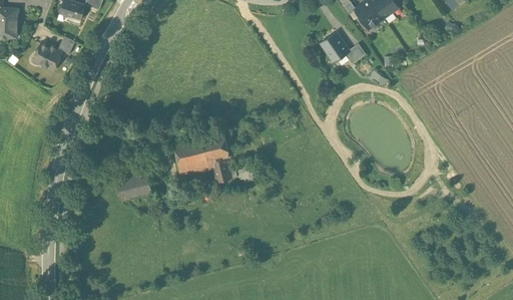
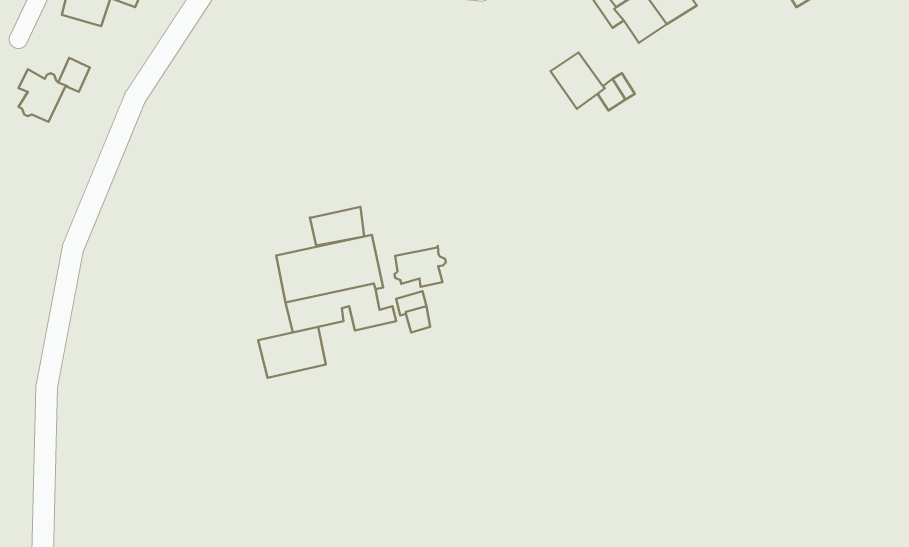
building: none -> [310,207,364,245]
building: none -> [394,246,446,287]
building: [116,171,152,198] -> [258,327,326,378]

